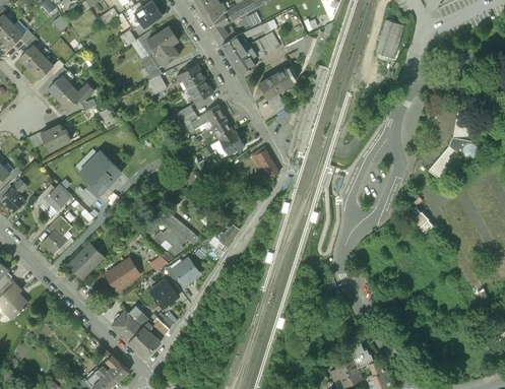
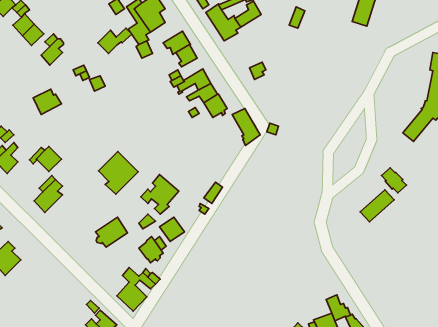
building: [257,71,291,100] -> none
building: [58,84,93,111] -> [98,28,132,53]
building: [79,151,121,196] -> [98,151,138,194]
building: none -> [360,190,394,222]
building: [71,246,101,275] -> none
building: [111,306,141,341] -> none

